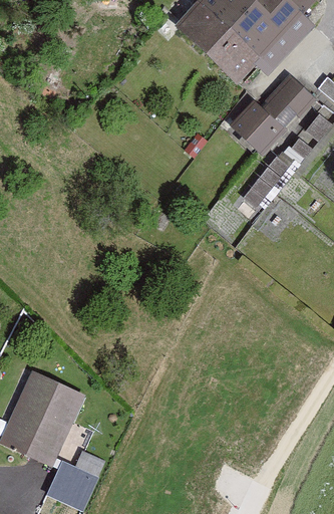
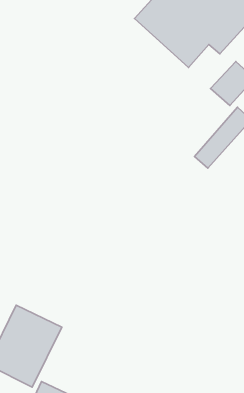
building: [235,104,285,154] -> none

